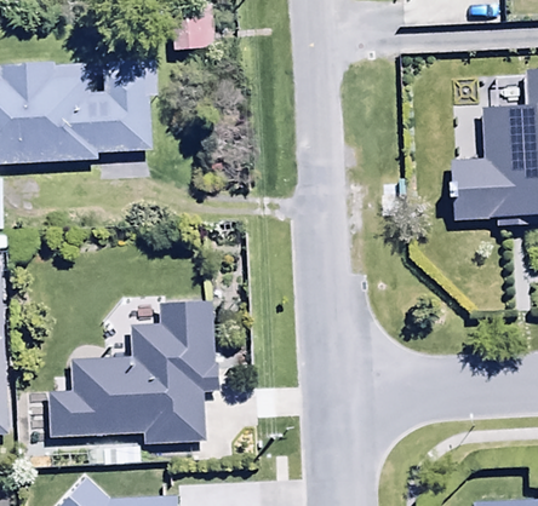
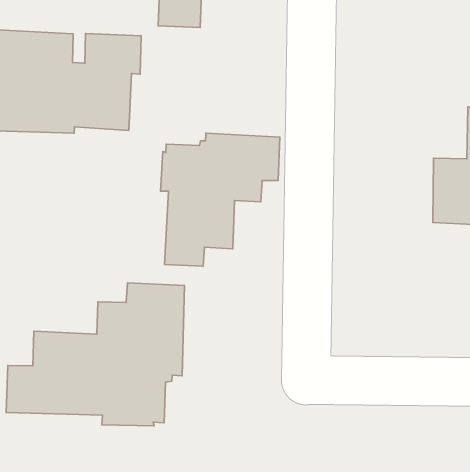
building: none -> [160,133,280,266]

